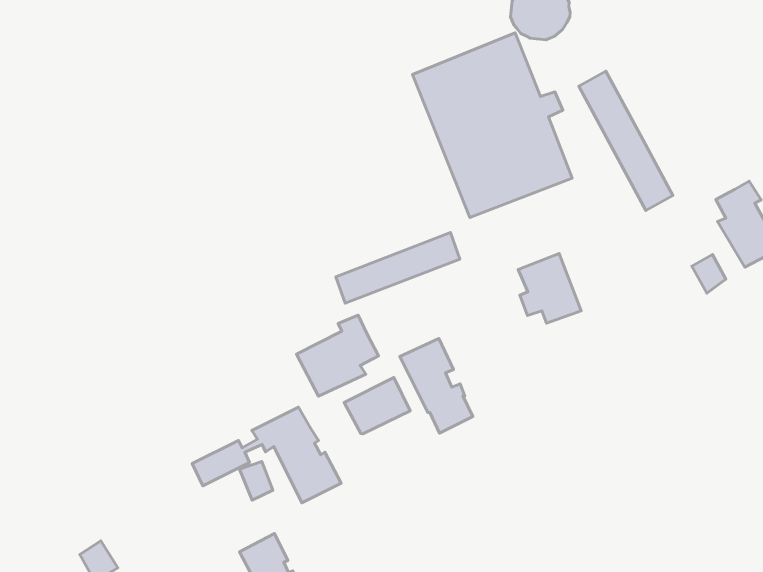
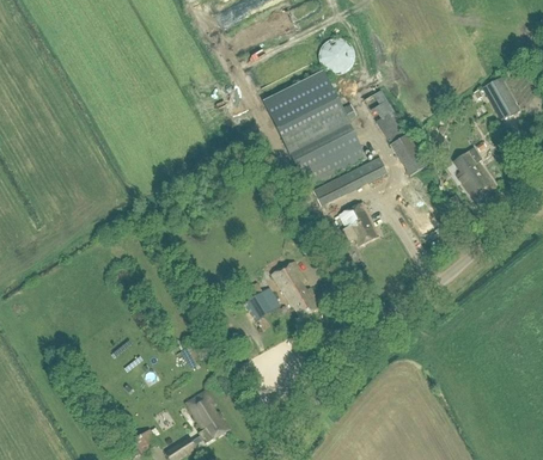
building: [336,233,460,303] -> [313,157,388,206]
building: [296,315,379,396] -> none
building: [192,407,341,503] -> none

